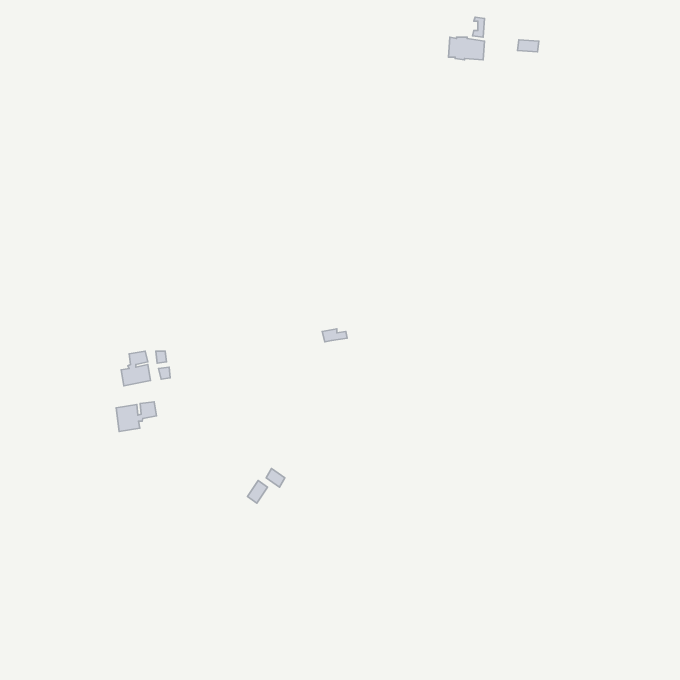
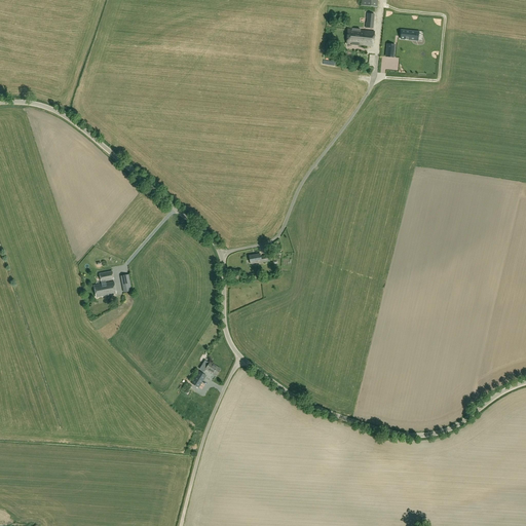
building: [116,402,157,432] -> none

